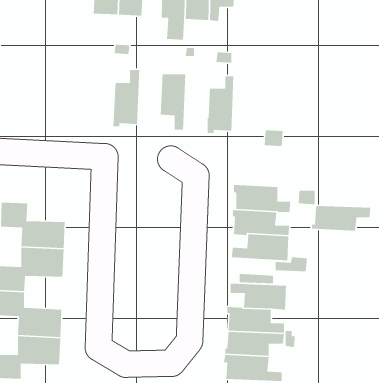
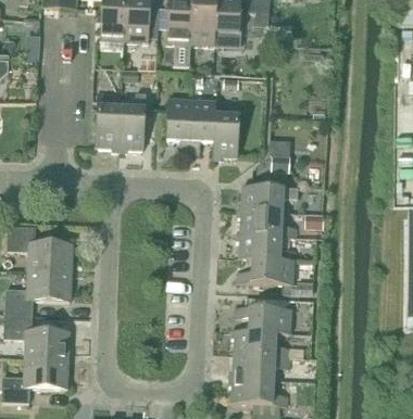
building: none -> [96,93,122,152]
building: none -> [190,99,217,156]
building: [311,205,371,231] -> [239,185,299,211]

